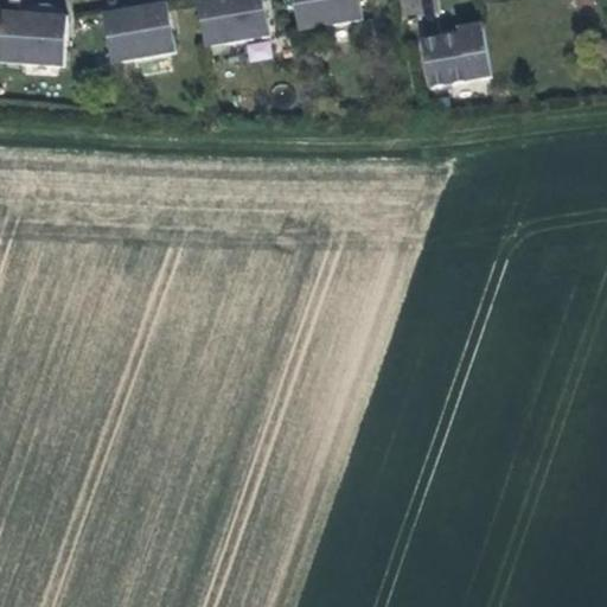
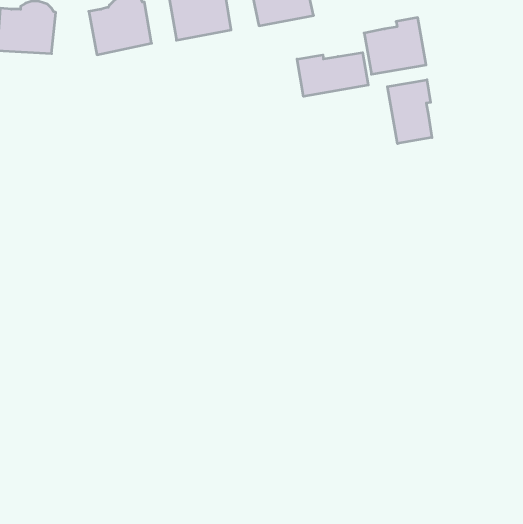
building: none -> [297,53,368,96]
building: none -> [387,80,432,144]

